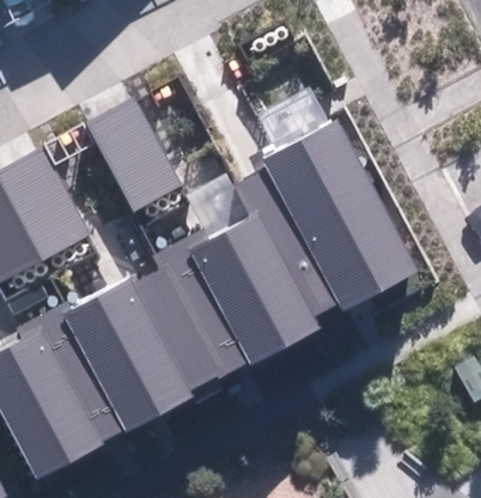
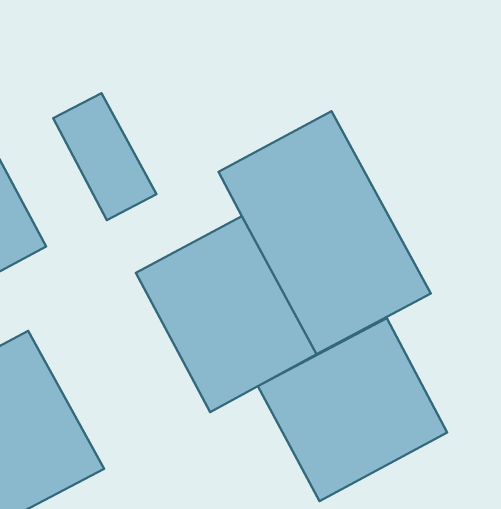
building: [69,257,227,427] -> none
building: none -> [258,318,447,501]

